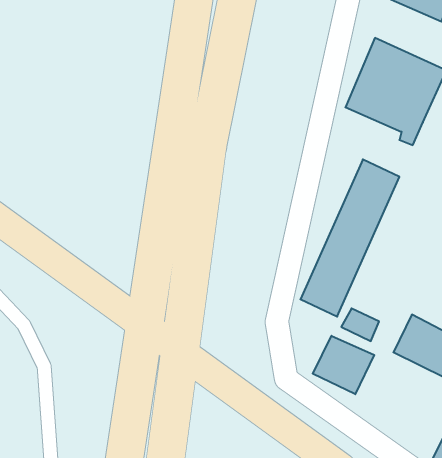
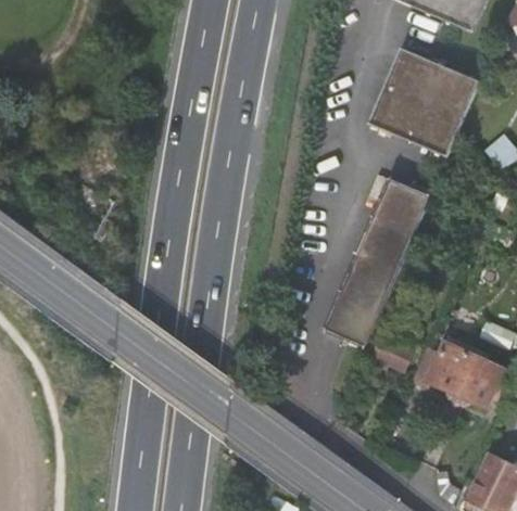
building: [313,336,374,394] -> none

